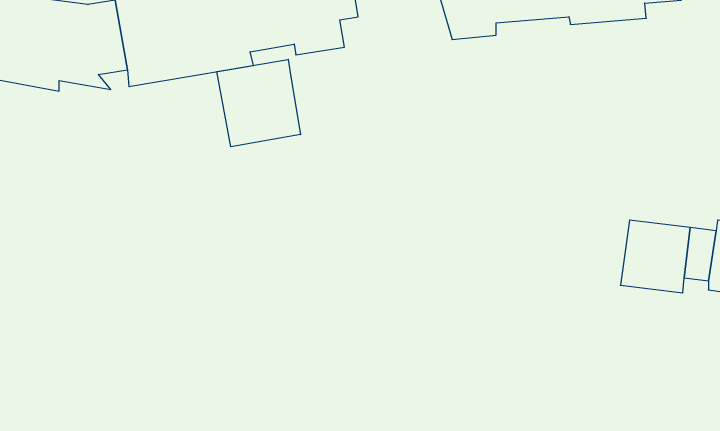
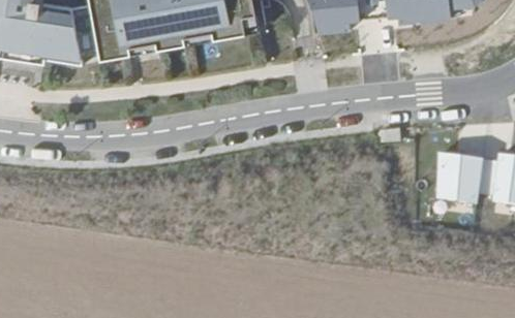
building: [217,59,301,147] -> none

